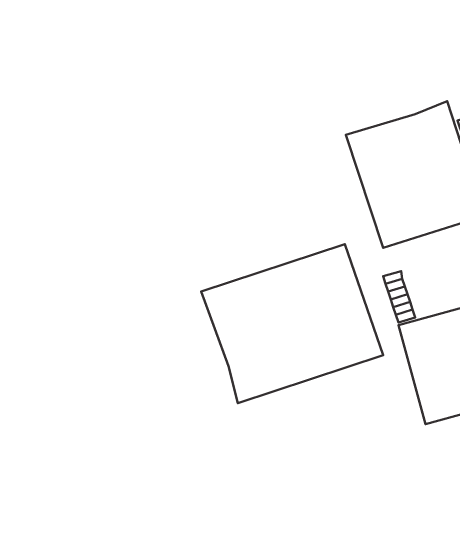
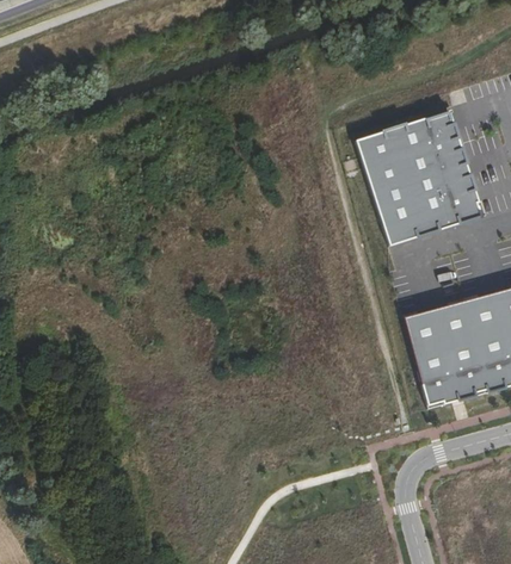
building: [201,244,383,403] -> none

